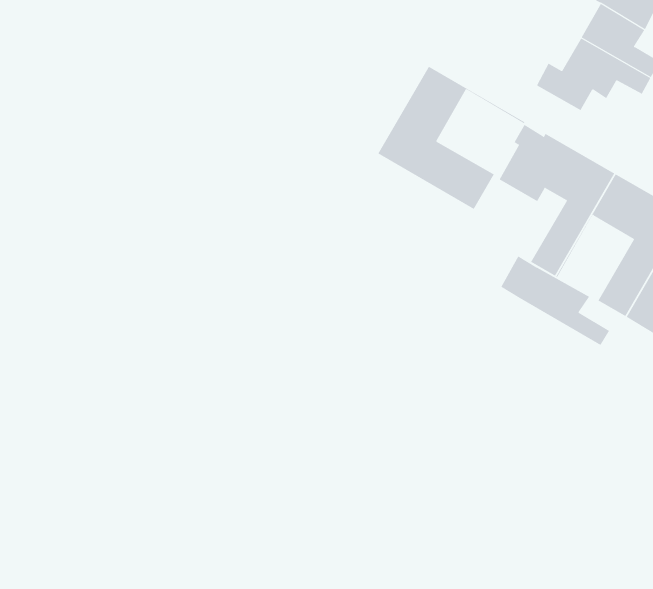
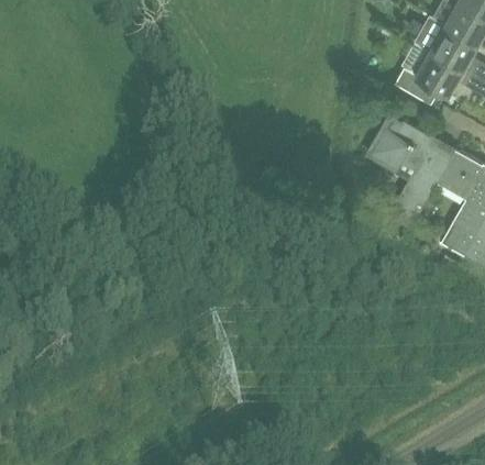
building: [377,66,525,210] -> none
building: [501,256,610,346] -> none

